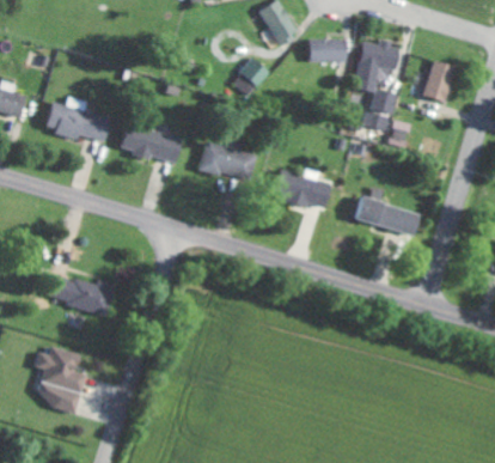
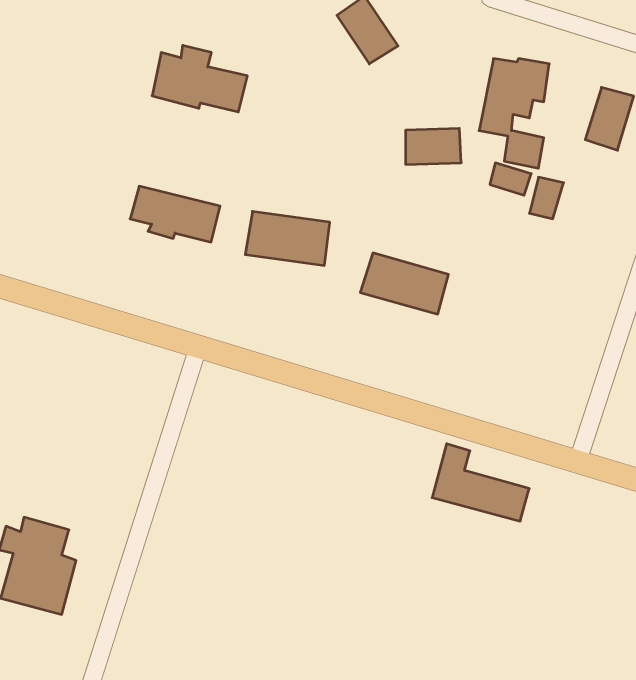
building: [310,38,347,62] -> [406,128,461,164]
building: [231,56,269,97] -> none
building: [47,97,110,141] -> [152,45,247,112]
building: [358,184,422,236] -> [432,444,529,521]
building: [55,275,117,317] -> none

